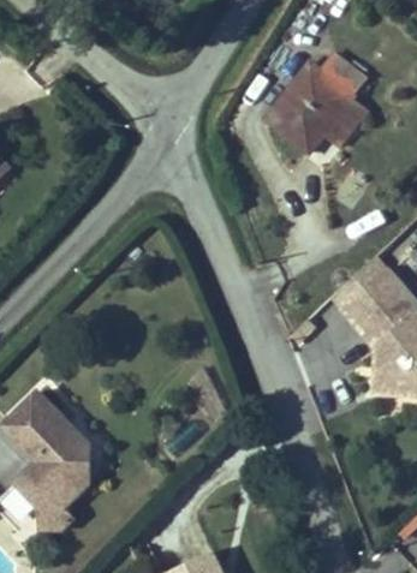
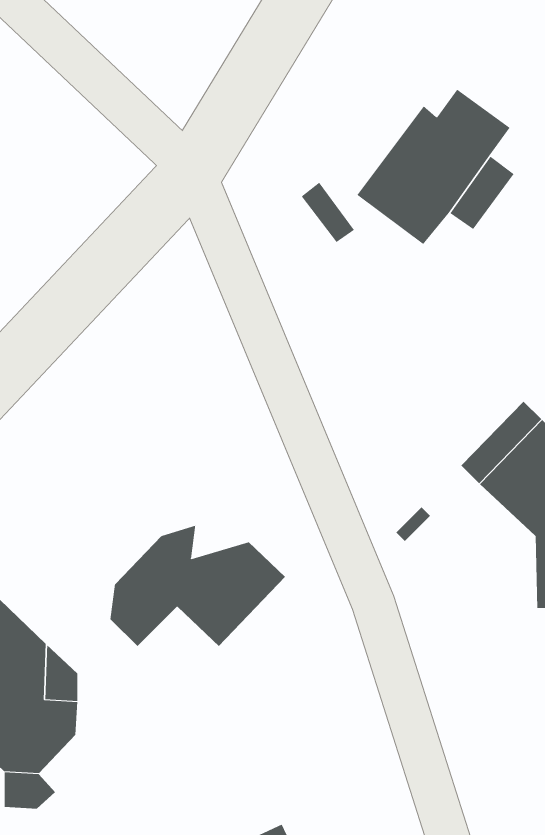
building: none -> [110,525,286,647]

